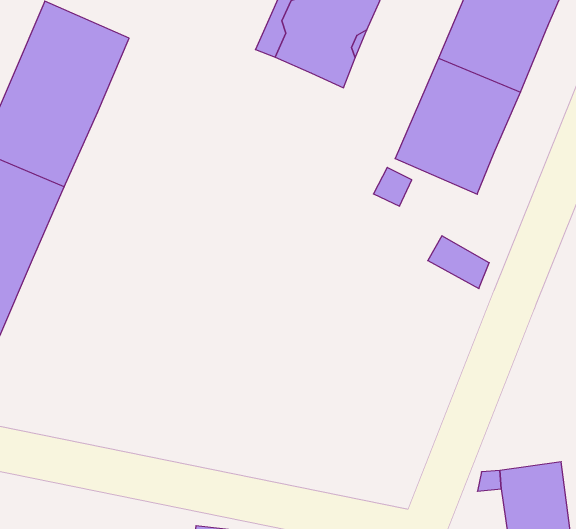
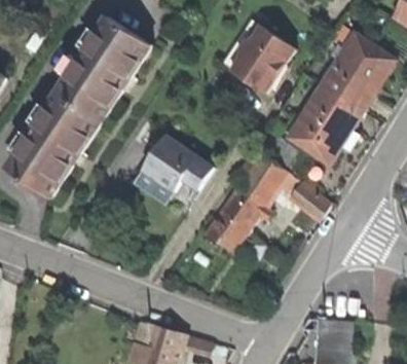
building: none -> [206,147,300,250]
building: none -> [134,136,214,206]

